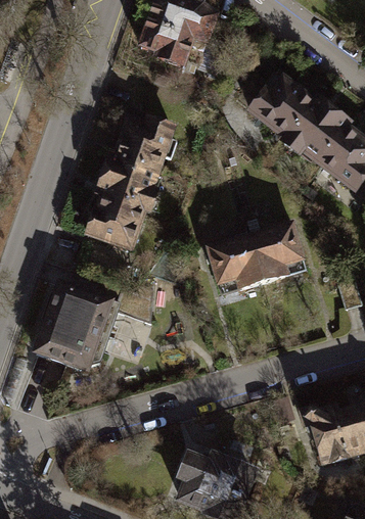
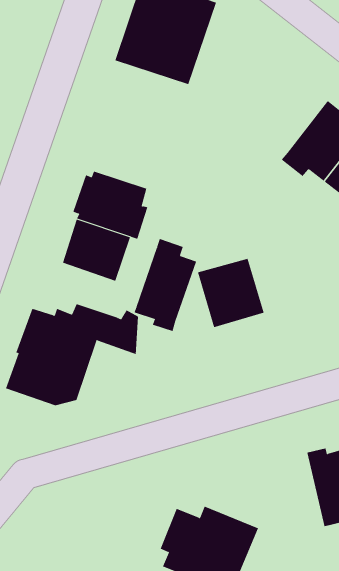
building: [250,64,316,137] -> none
building: [113,111,180,169] -> none
building: none -> [134,238,197,332]
building: [249,217,309,278] -> none

